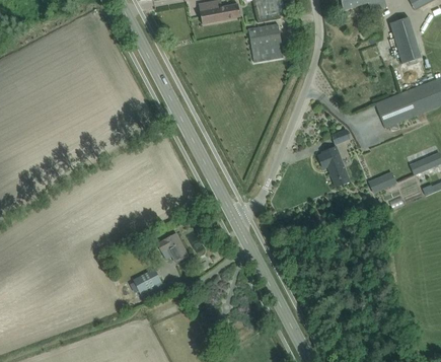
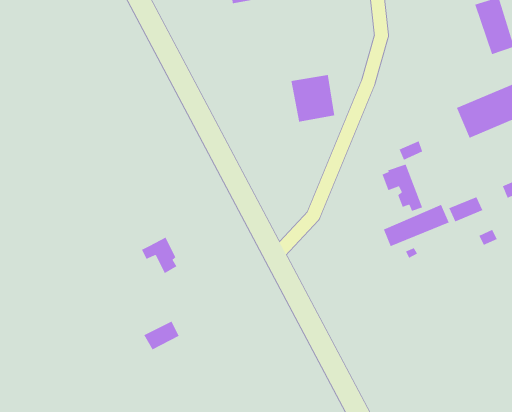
building: [248,24,283,62] -> [291,74,335,122]
building: none -> [383,204,450,247]
building: [157,233,186,263] -> [141,236,178,274]

